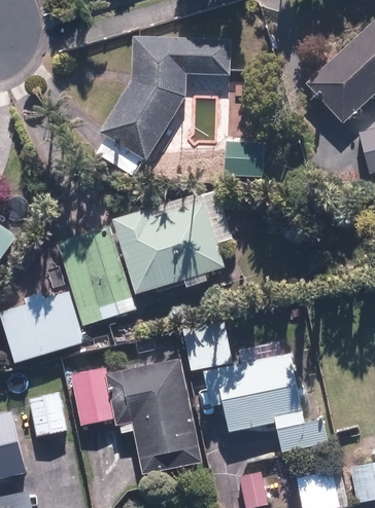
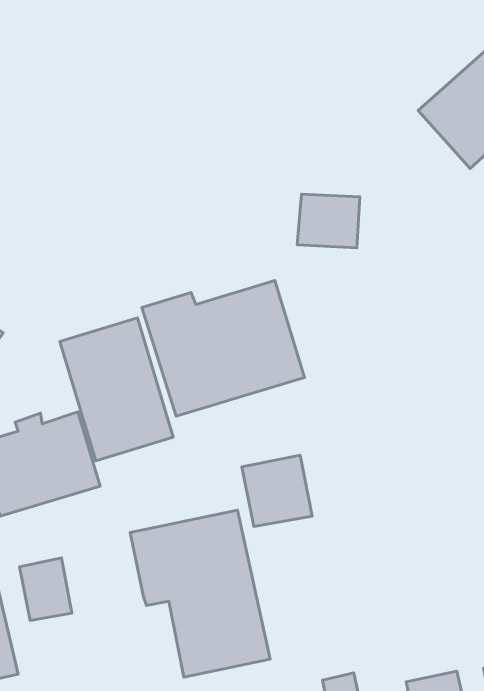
building: [99,37,229,161] -> none
building: [204,354,329,452] -> none
building: [70,368,114,425] -> none

